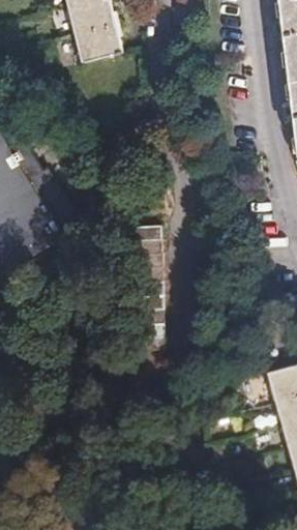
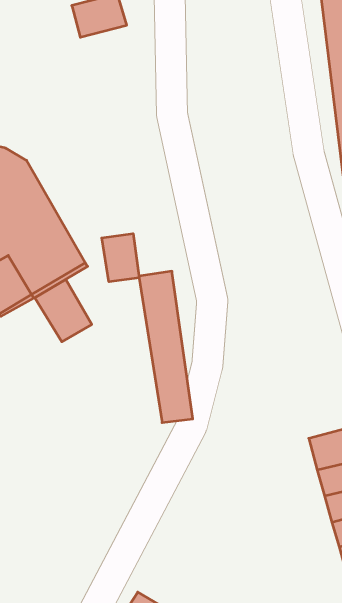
building: [73,23,119,60] -> none
building: none -> [102,234,139,282]
building: none -> [35,280,92,342]

